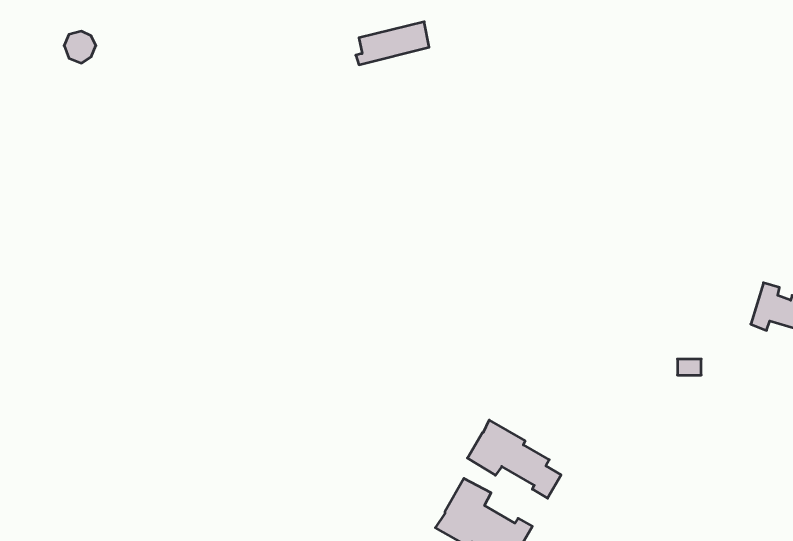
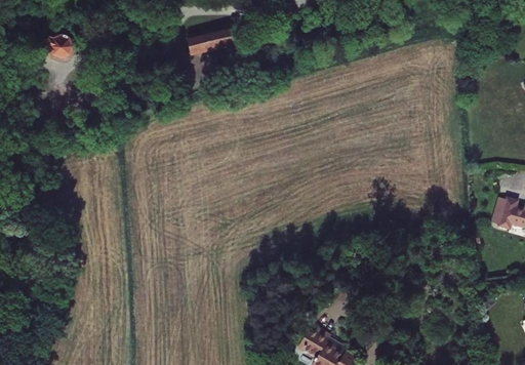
building: [356,22,429,65] -> [184,34,231,62]
building: [467,420,561,498] -> none

